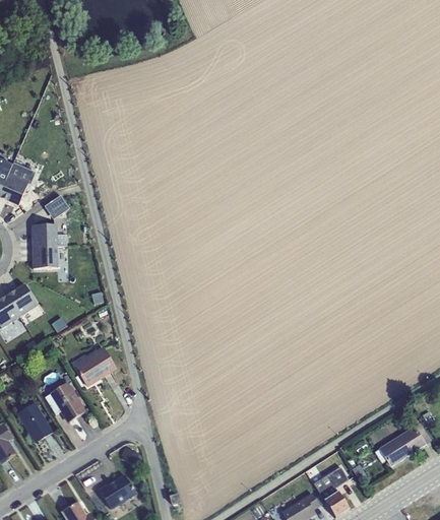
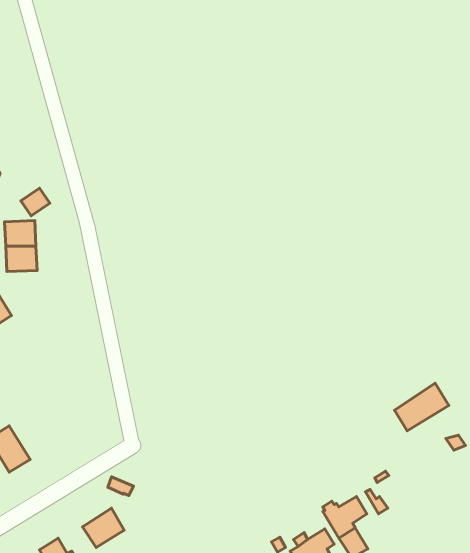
building: [74,346,117,387] -> none
building: [49,382,87,424] -> none
building: [379,426,427,467] -> [394,383,449,431]

